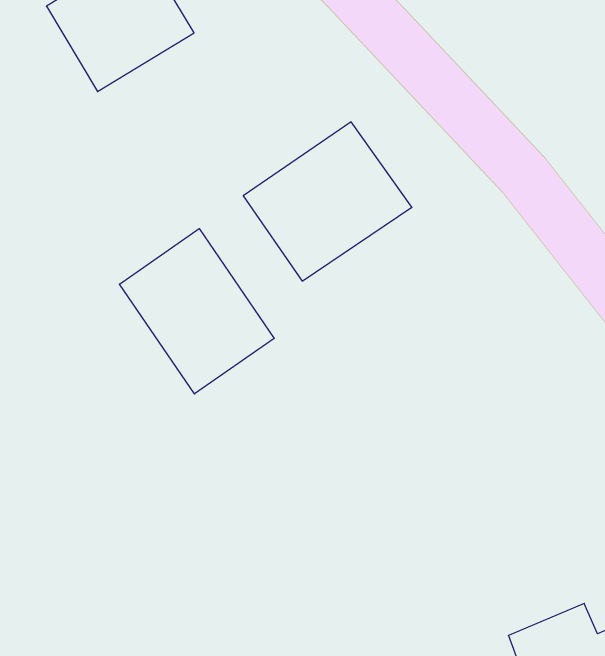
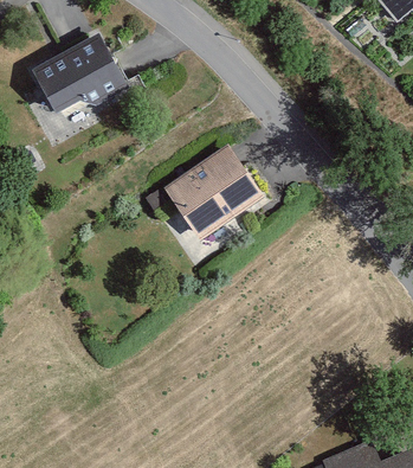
building: [119,229,274,394] -> none

